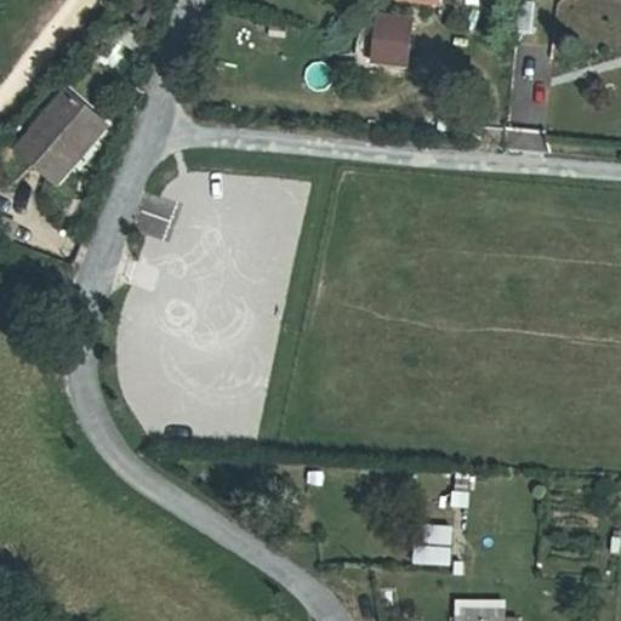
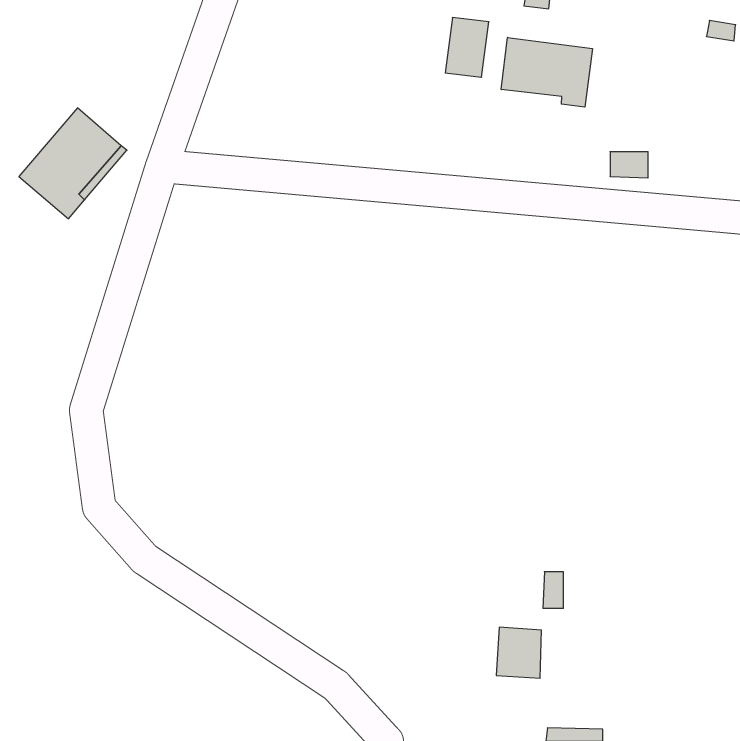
building: none -> [501,37,592,107]

